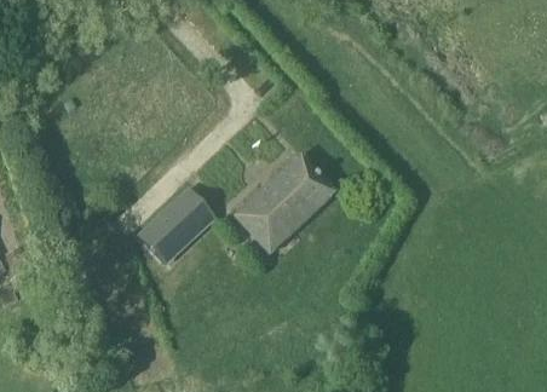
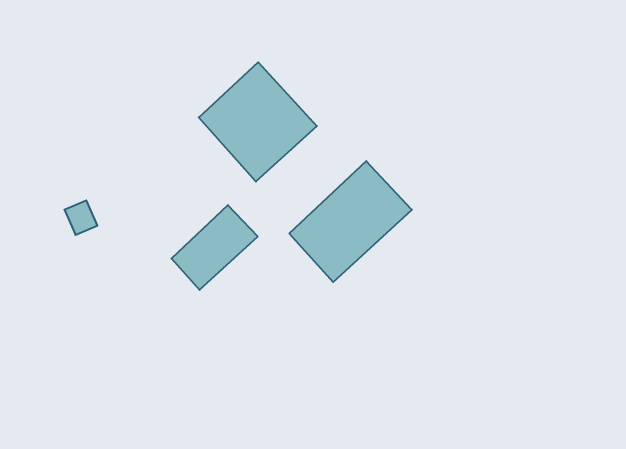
building: none -> [199,62,317,182]

